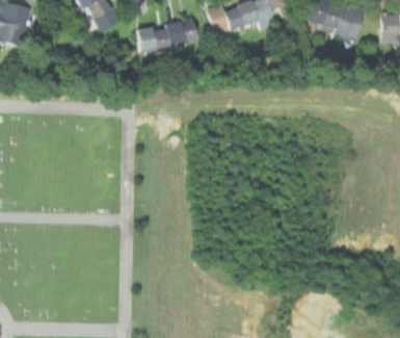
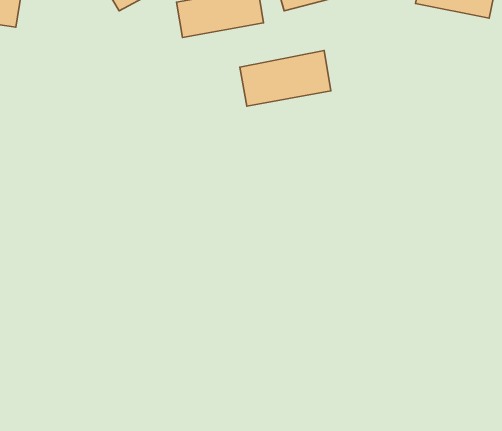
building: none -> [240,51,331,106]

